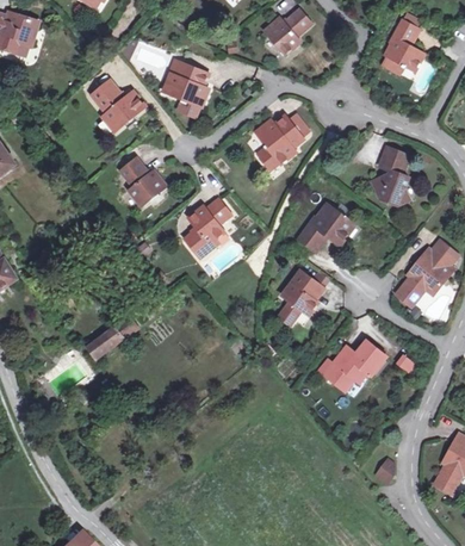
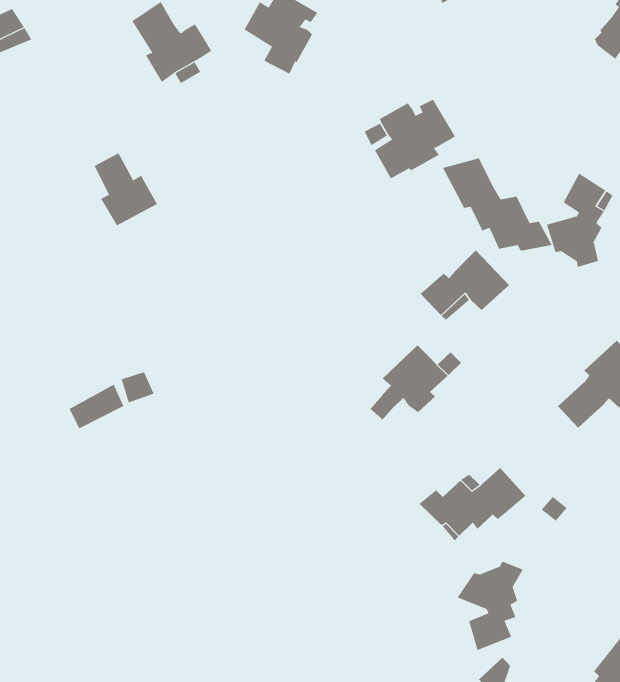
building: none -> [442,158,553,251]
building: [122,159,166,205] -> [94,153,158,226]
building: [186,198,231,256] -> none
building: none -> [457,561,524,651]

